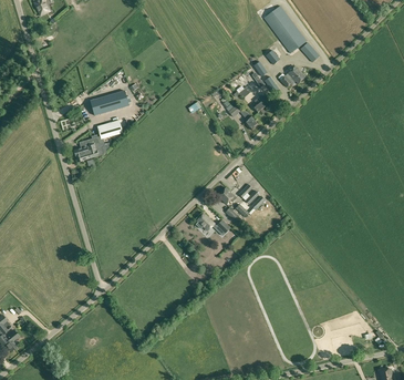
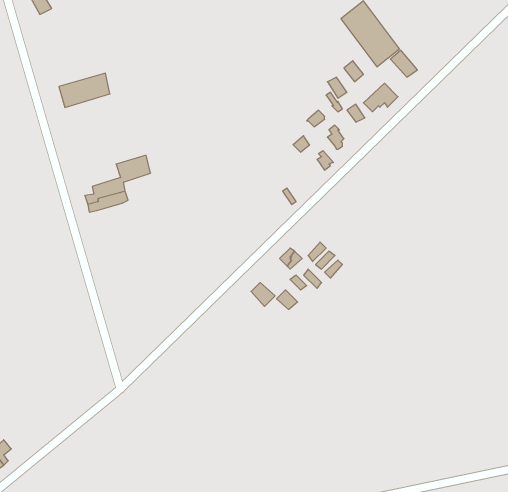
building: [91,90,128,115] -> [59,73,110,107]

